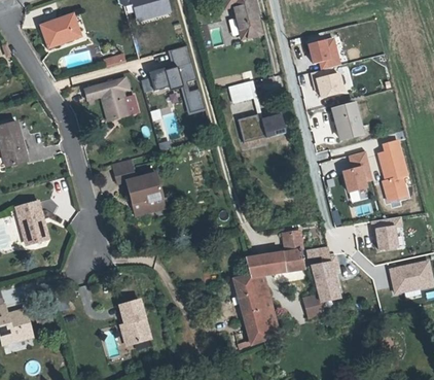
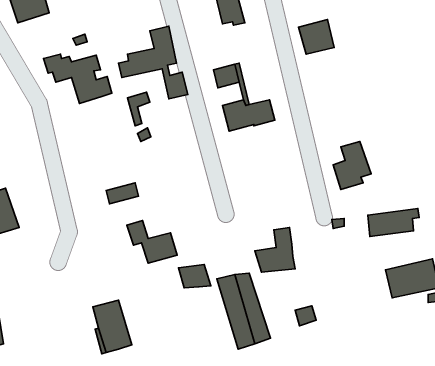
building: [315,76,343,100] -> none
building: [333,106,359,140] -> none
building: [375,141,410,204] -> none
building: [111,159,157,198] -> [127,221,177,263]
building: [302,247,335,293] -> none
building: [244,253,274,275] -> [179,265,211,288]

